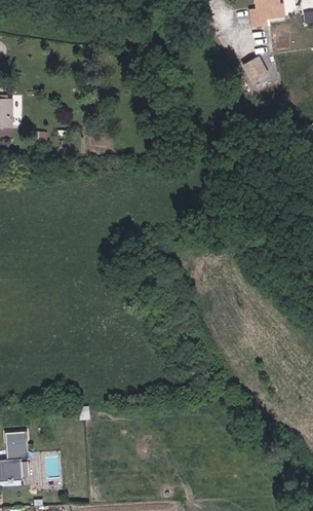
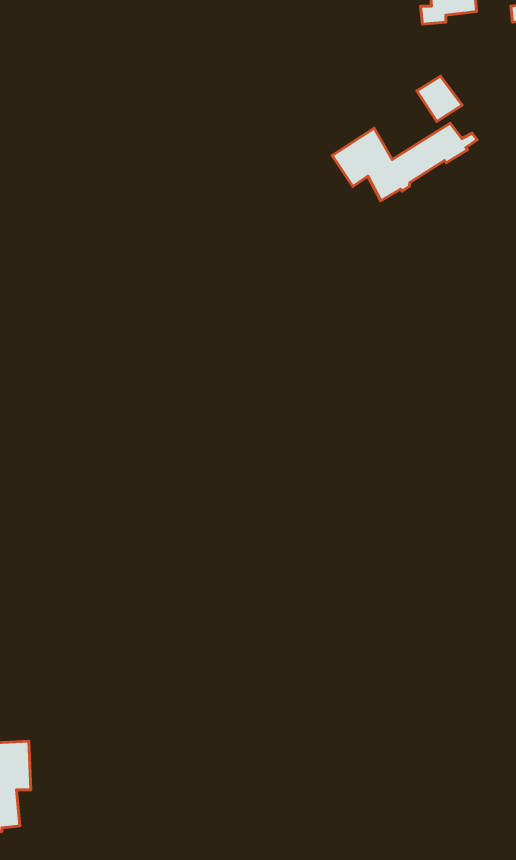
building: none -> [332,123,477,201]

